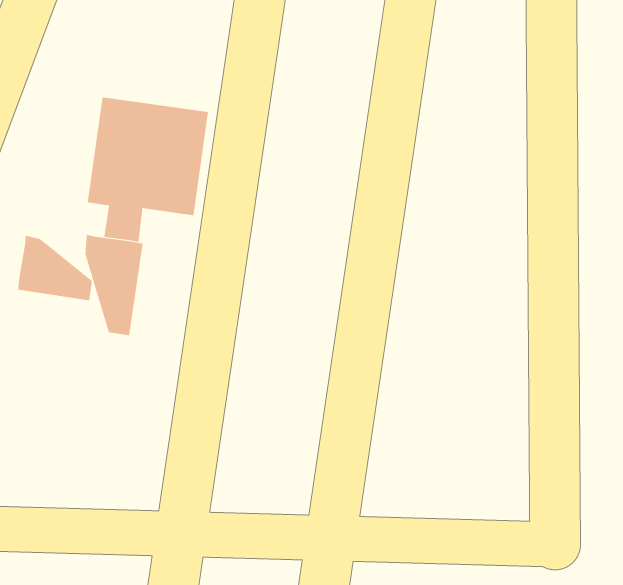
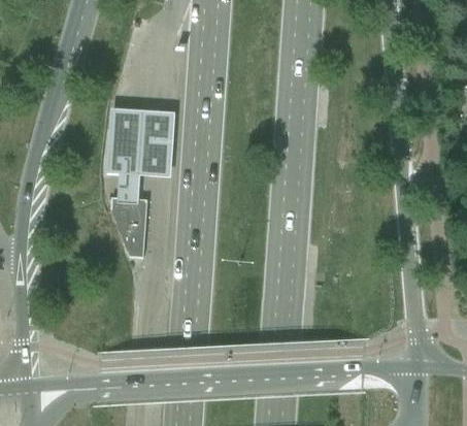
building: [18,235,93,301] -> none

